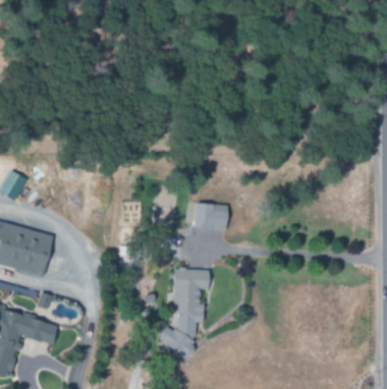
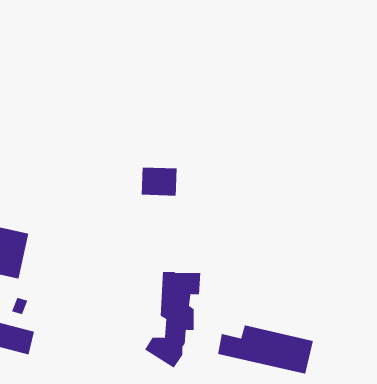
building: [195,203,228,229] -> [141,167,178,196]
building: none -> [217,325,313,375]

